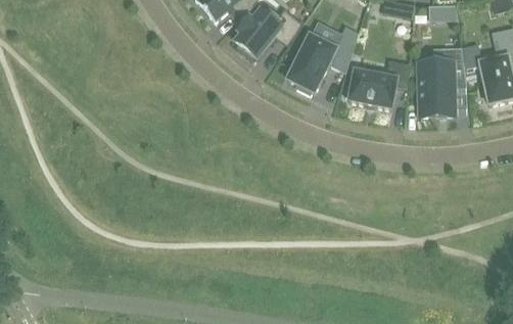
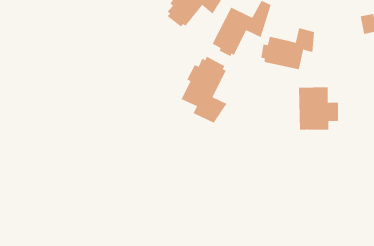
building: [417,62,465,115] -> [298,87,339,132]
building: none -> [181,56,227,123]

